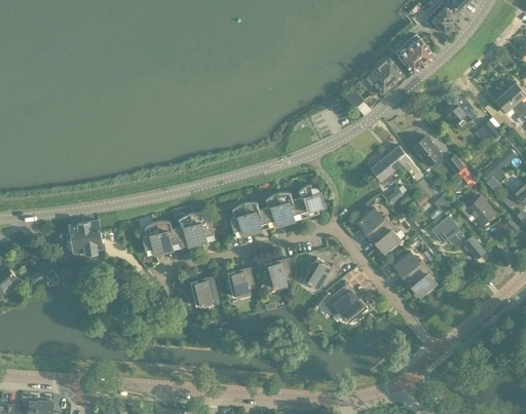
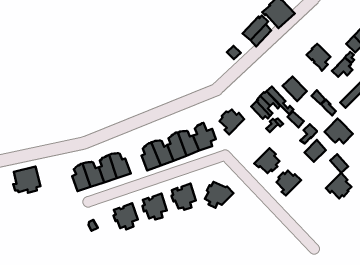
building: [358,209,388,239] -> [220,109,244,134]
building: [404,265,436,297] -> [326,173,351,199]
building: [322,283,367,323] -> none

